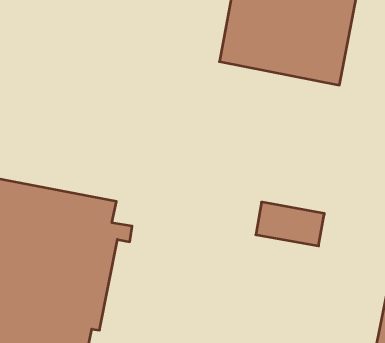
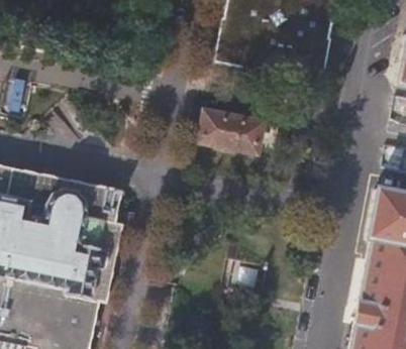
building: [256,202,324,246] -> [201,114,263,153]

